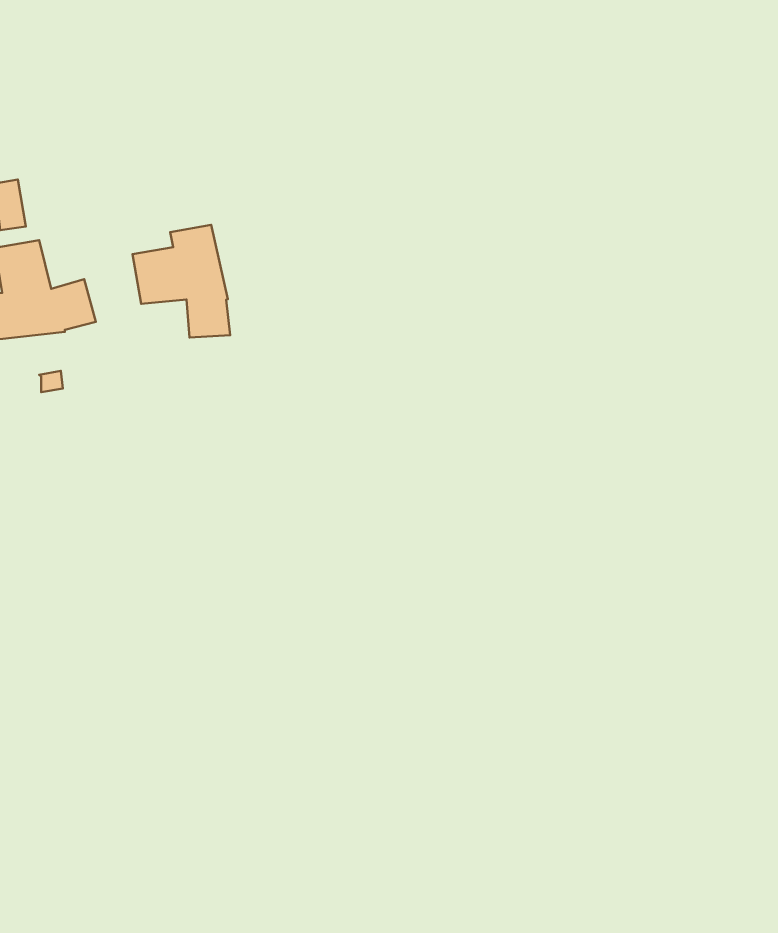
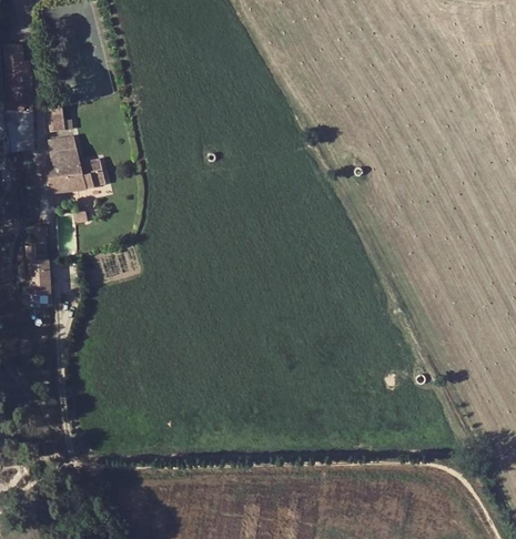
building: [132,225,230,338] -> none

